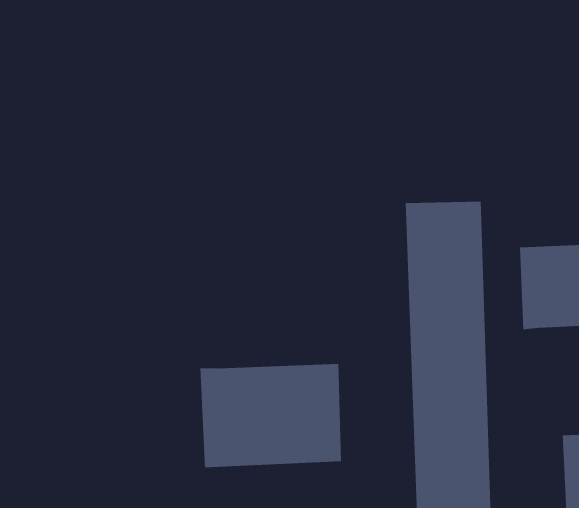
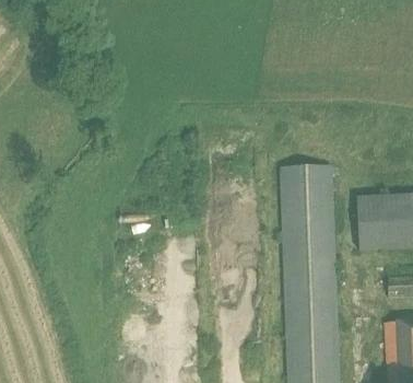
building: [200,363,342,468] -> none

